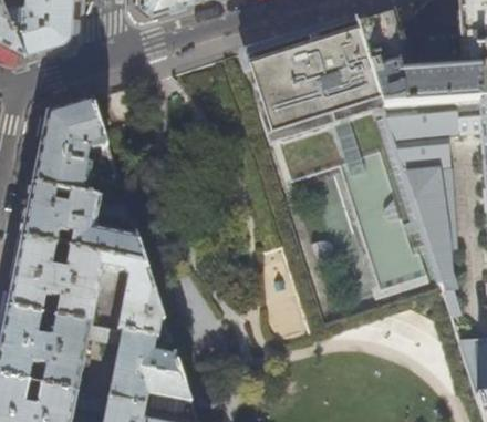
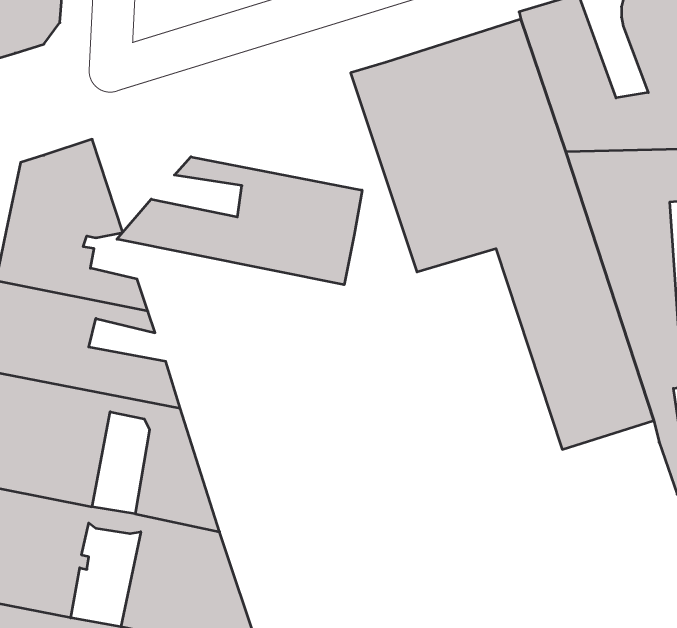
building: none -> [117,157,362,285]

